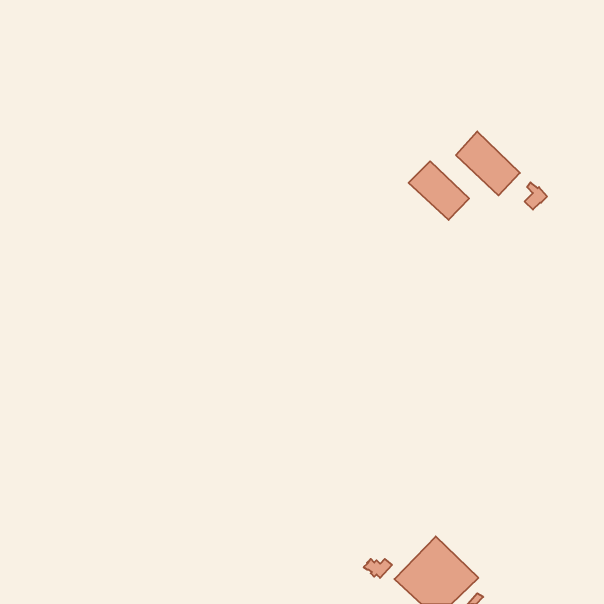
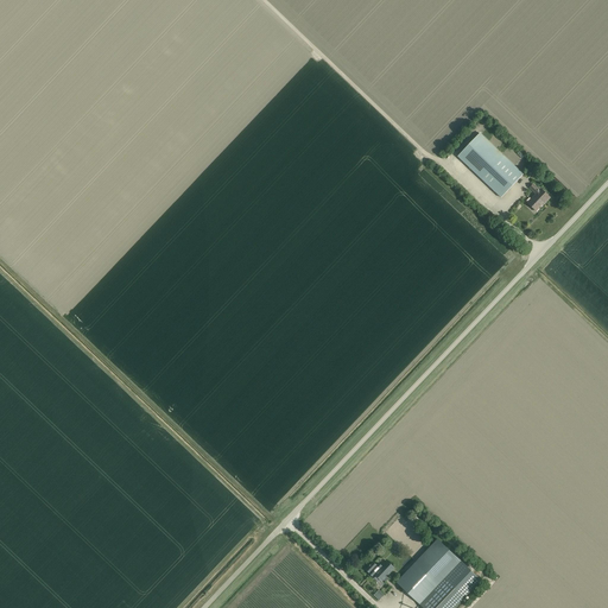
building: [409,161,469,220] -> none

